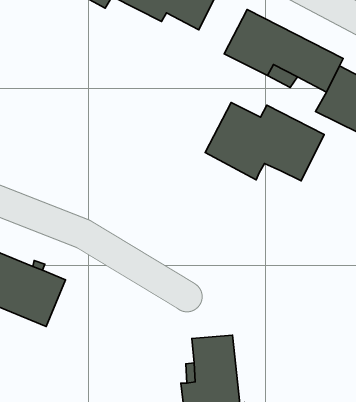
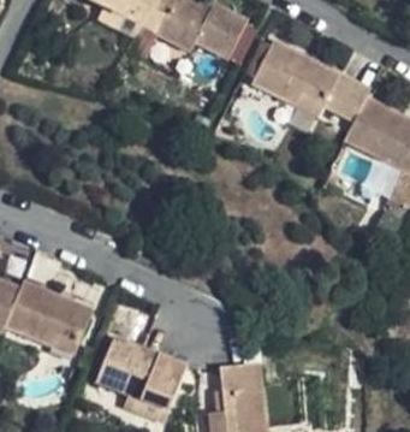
building: [205,102,324,181] -> none
building: none -> [95,335,186,413]

